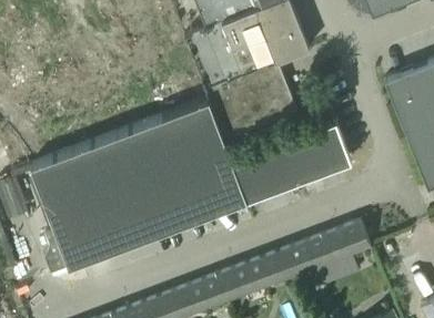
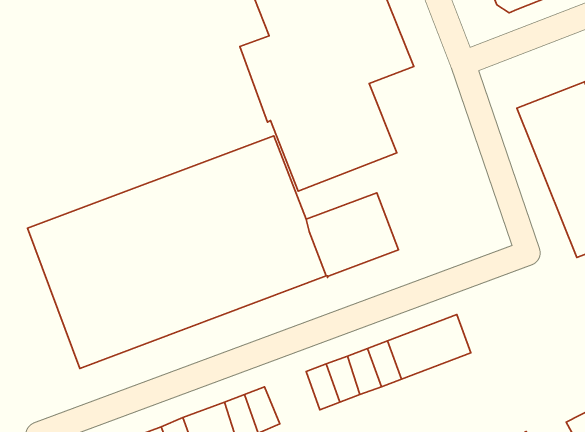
building: [283,122,352,183] -> none
building: [341,223,371,257] -> none
building: [202,270,242,308] -> none

